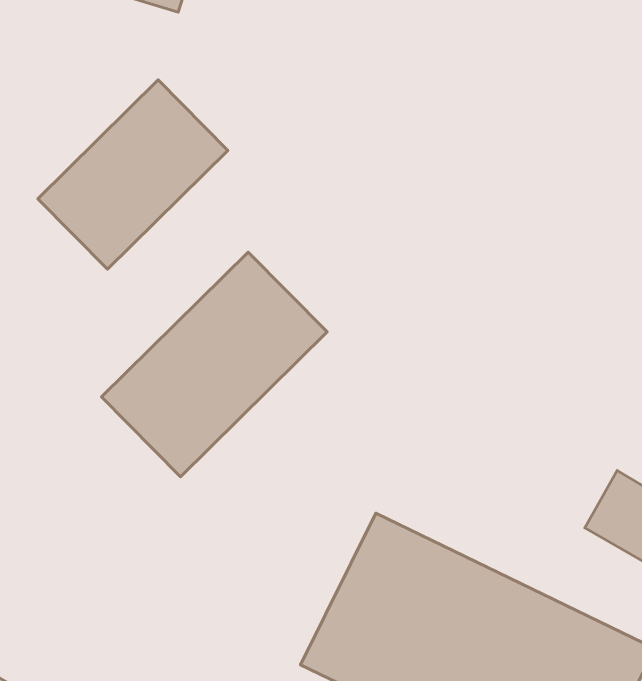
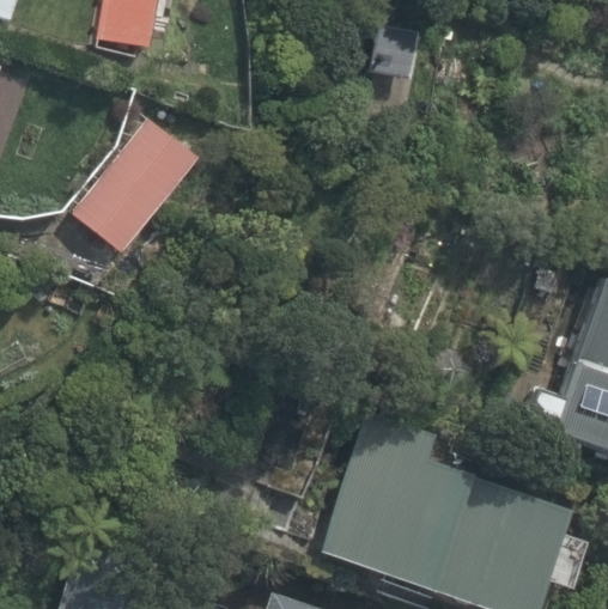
building: [101,252,327,477] -> none

